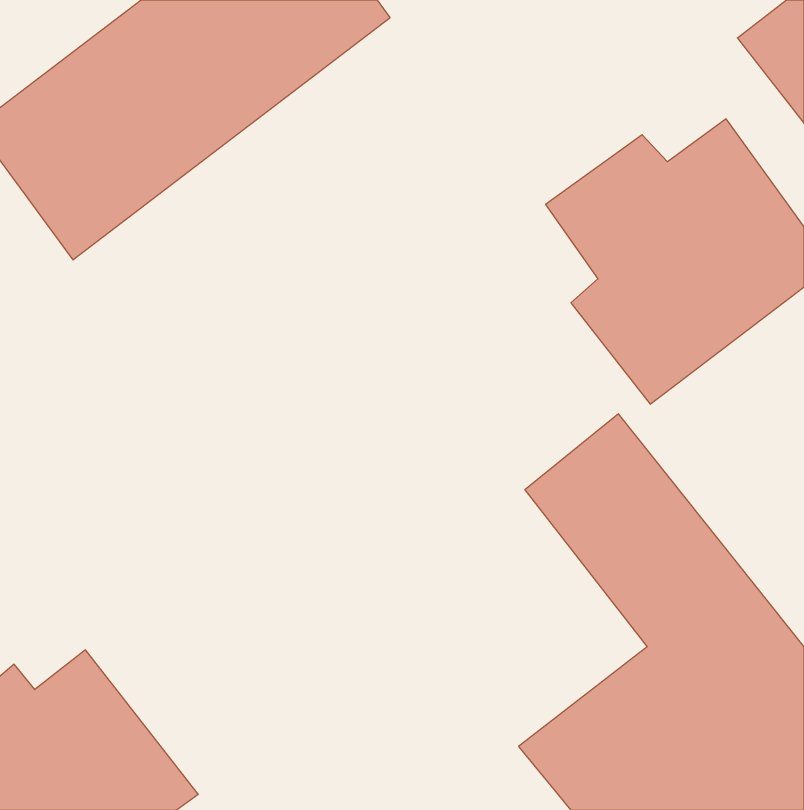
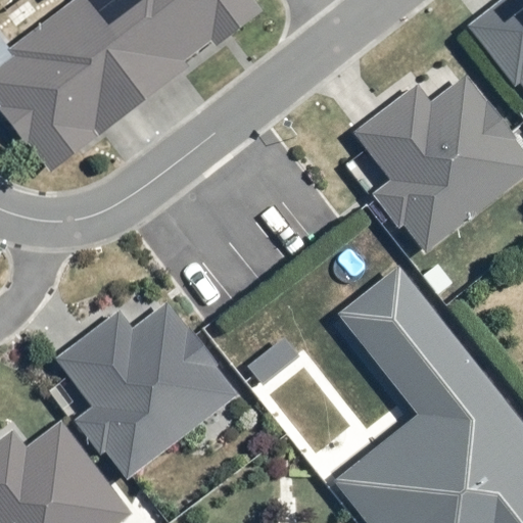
building: none -> [55,304,237,478]

